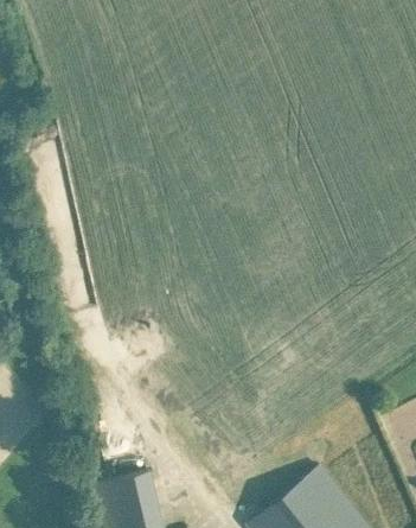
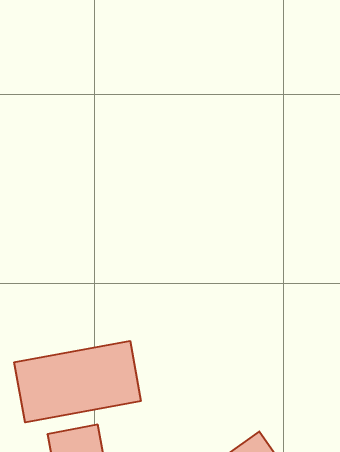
building: none -> [14,341,141,422]

